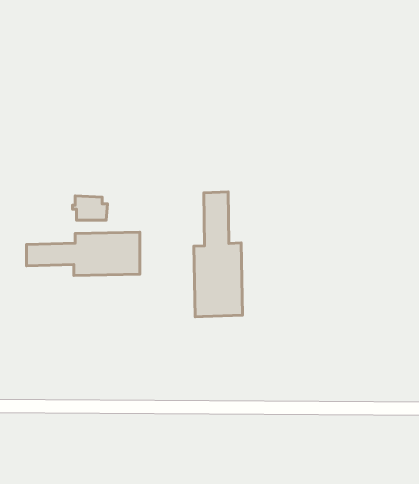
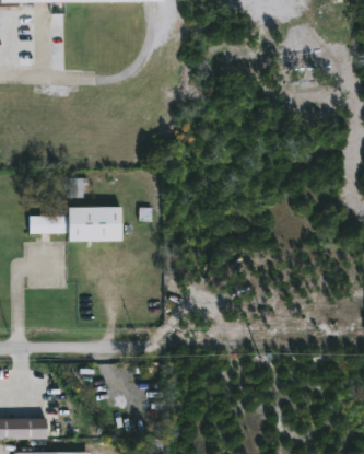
building: [194,192,243,317] -> none

